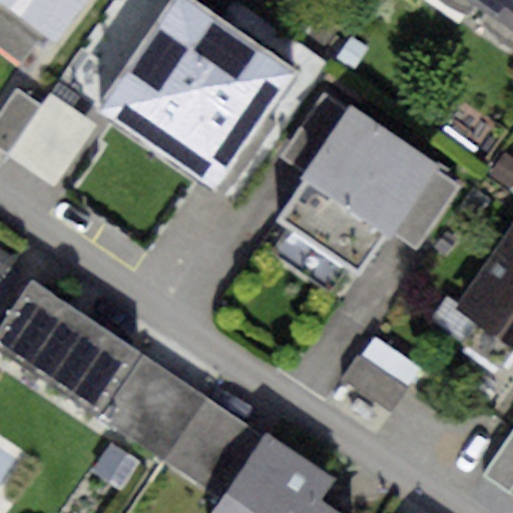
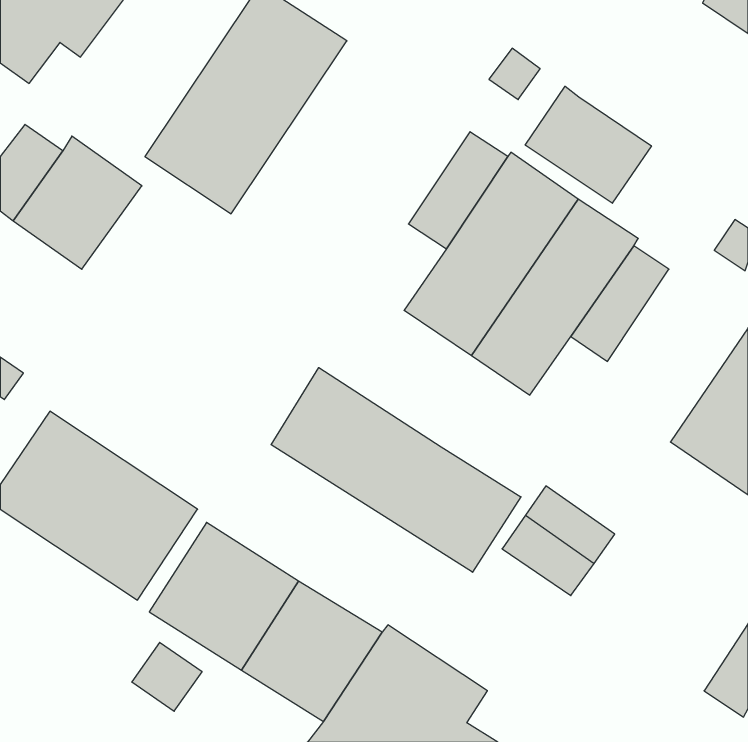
building: [158,28,297,185] -> none
building: none -> [525,86,651,203]
building: none -> [271,368,521,572]

